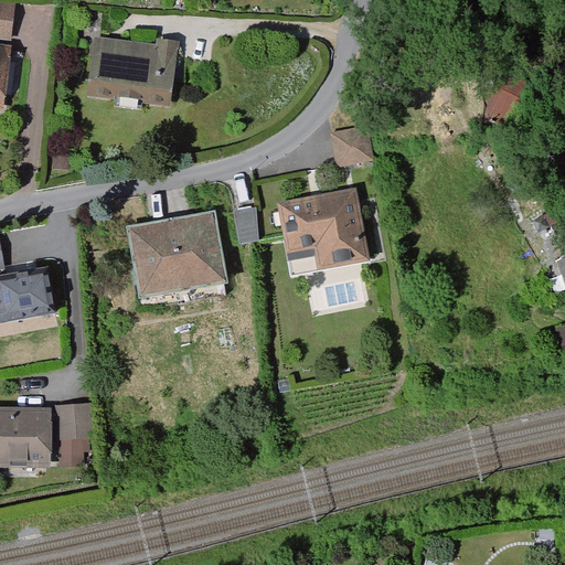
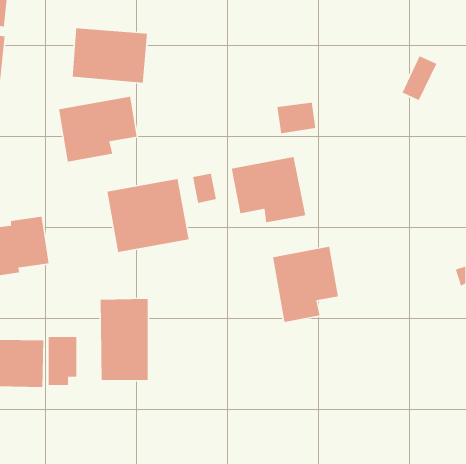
building: none -> [58,96,138,163]
building: none -> [272,246,339,323]
building: none -> [100,298,149,381]

